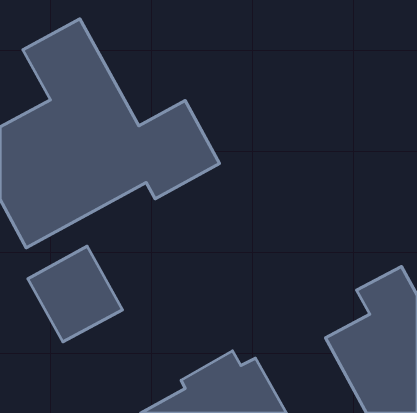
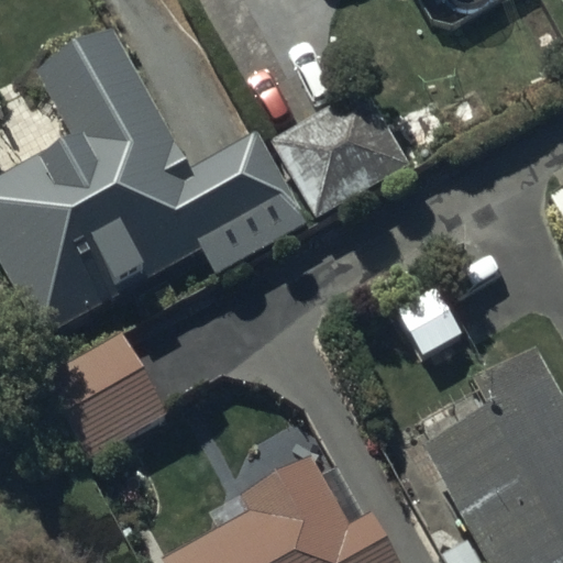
building: none -> [277,100,410,223]

